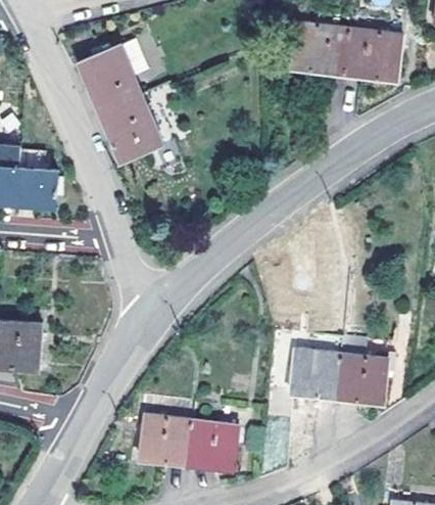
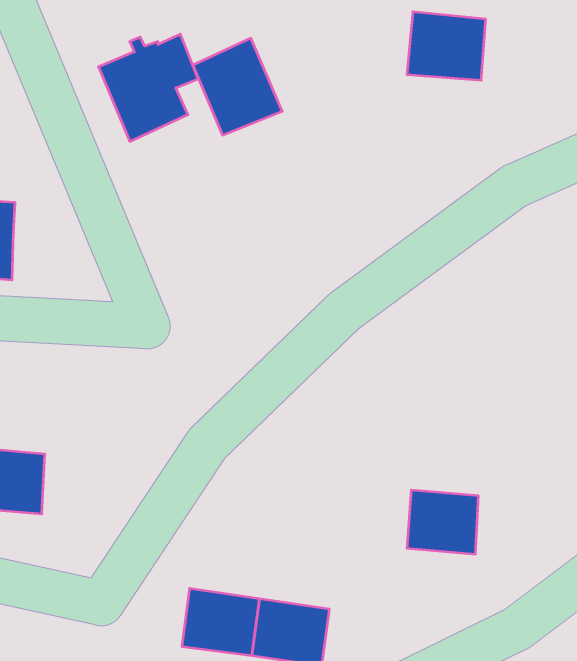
building: [341,29,399,77] -> none
building: [100,94,161,160] -> [193,38,282,135]
building: [19,175,59,210] -> none
building: [337,356,388,400] -> none

